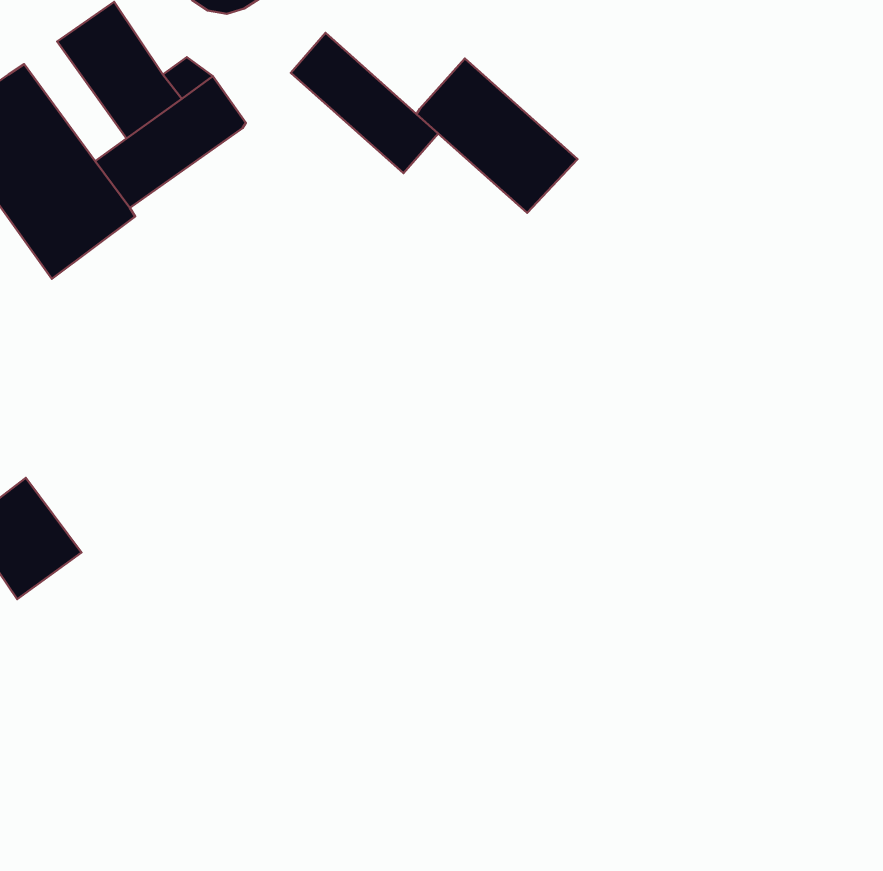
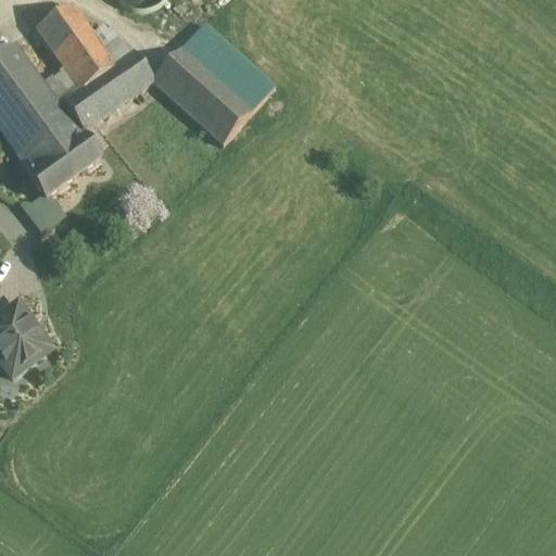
building: [416,59,577,213] -> [152,46,253,142]
building: none -> [29,136,100,197]

